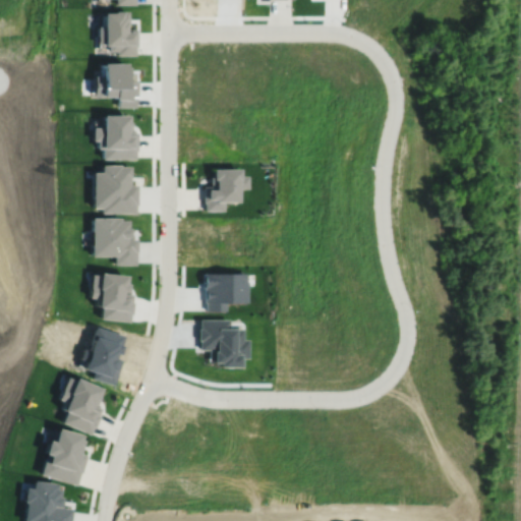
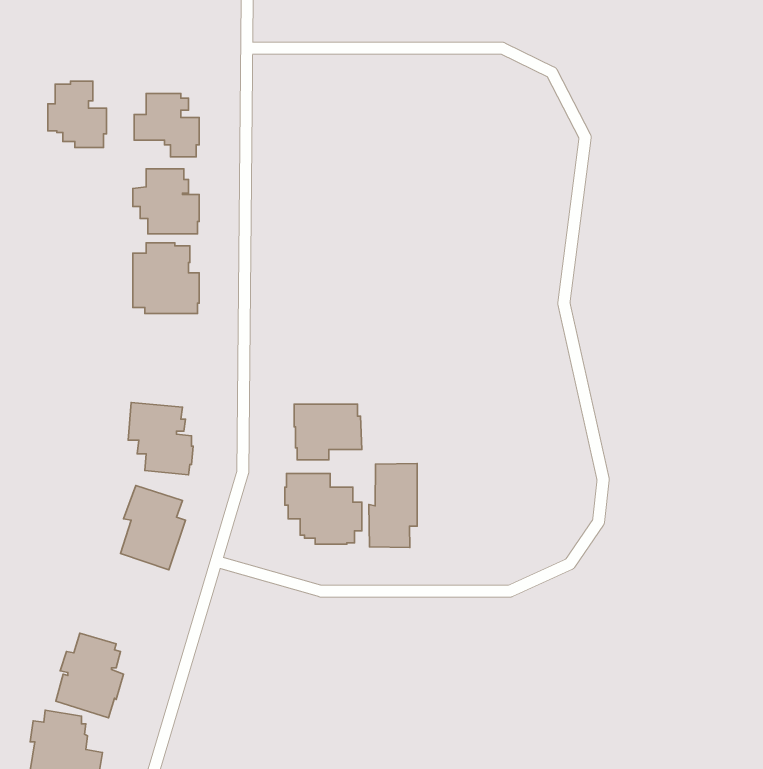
building: [100,11,139,56] -> [48,81,107,147]
building: [206,169,251,211] -> none
building: [94,218,139,265] -> none
building: none -> [369,464,417,547]
building: [60,378,104,435] -> none

